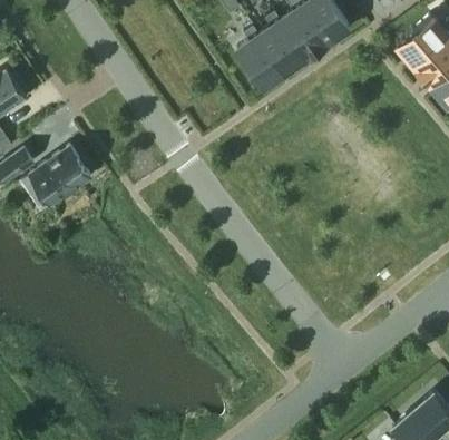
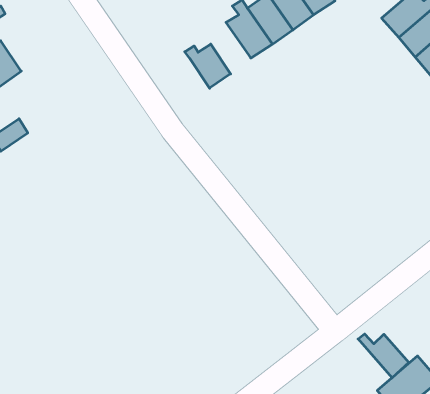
building: none -> [185,44,231,88]
building: [21,146,91,204] -> none
building: none -> [358,334,409,378]

